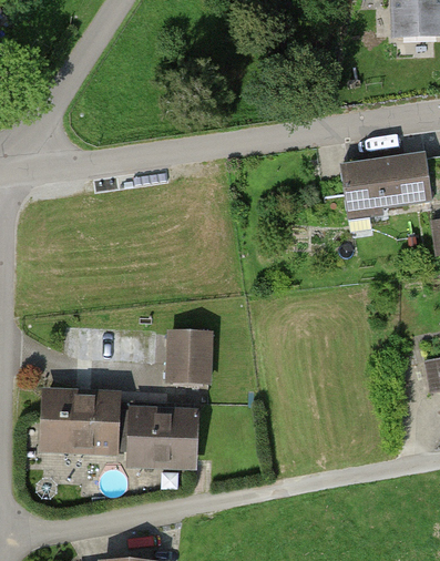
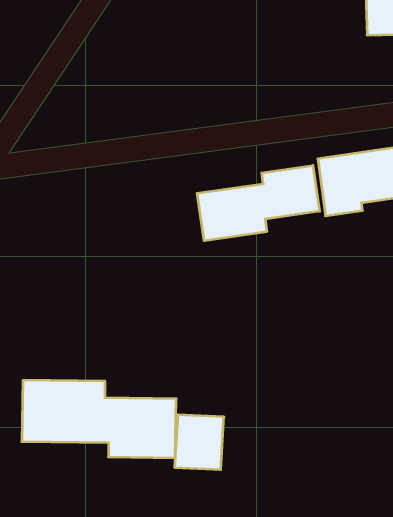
building: none -> [197,165,320,241]
building: [165,330,215,386] -> [175,415,224,470]

